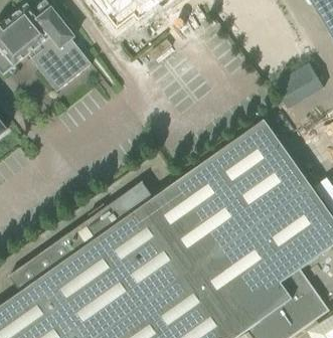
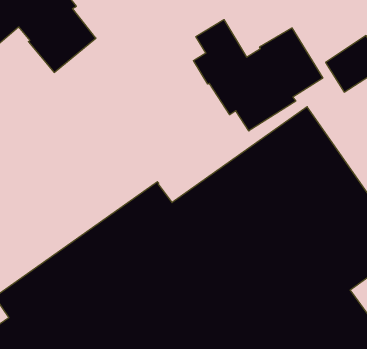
building: none -> [193,20,323,131]

